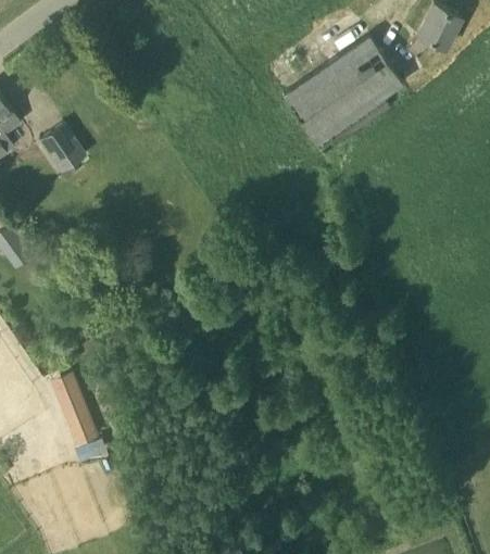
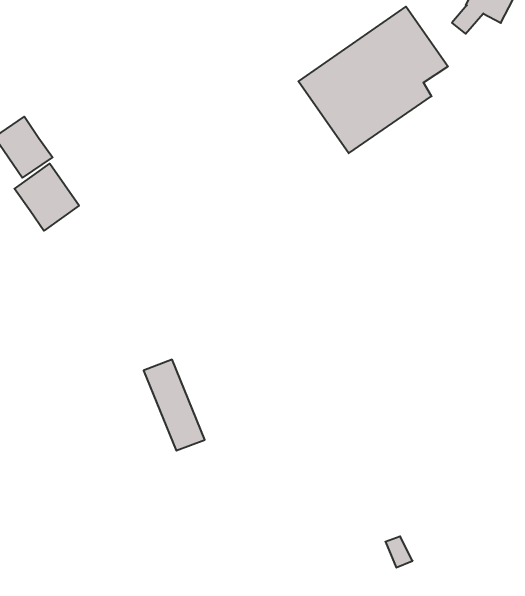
building: none -> [14,164,79,231]
building: [50,373,99,445] -> [144,360,205,451]

